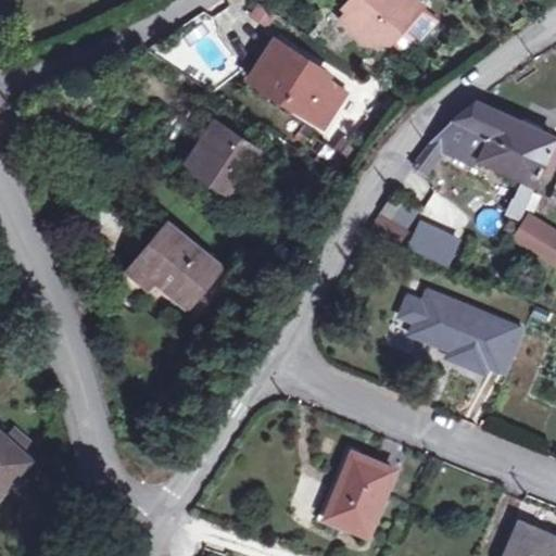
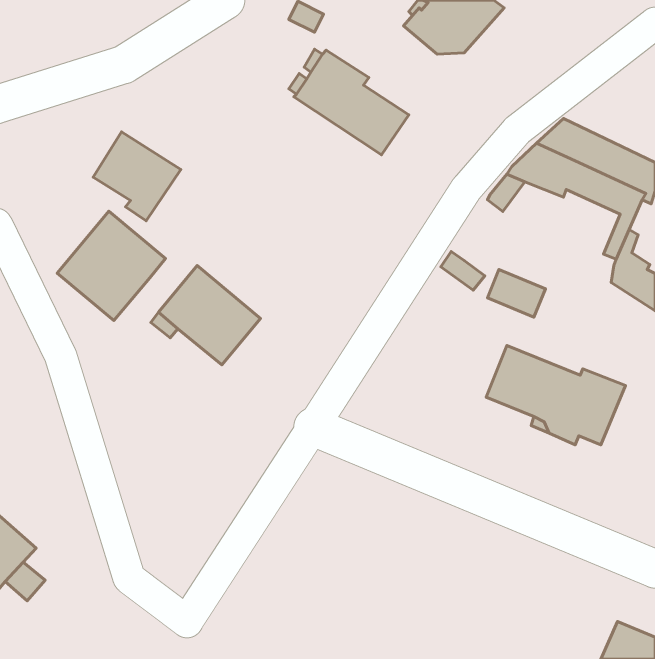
building: [191,124,265,199] -> [93,132,181,221]
building: none -> [57,211,165,320]
building: [327,455,393,534] -> none

